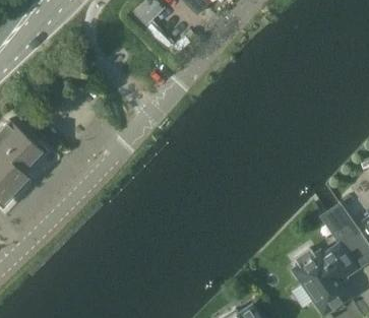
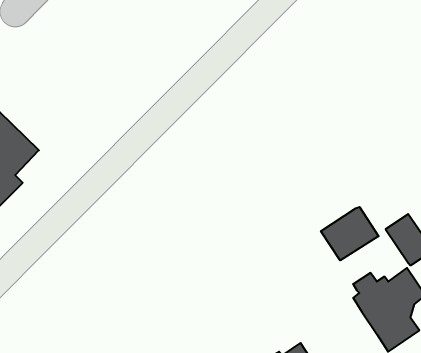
building: none -> [321,207,379,260]

